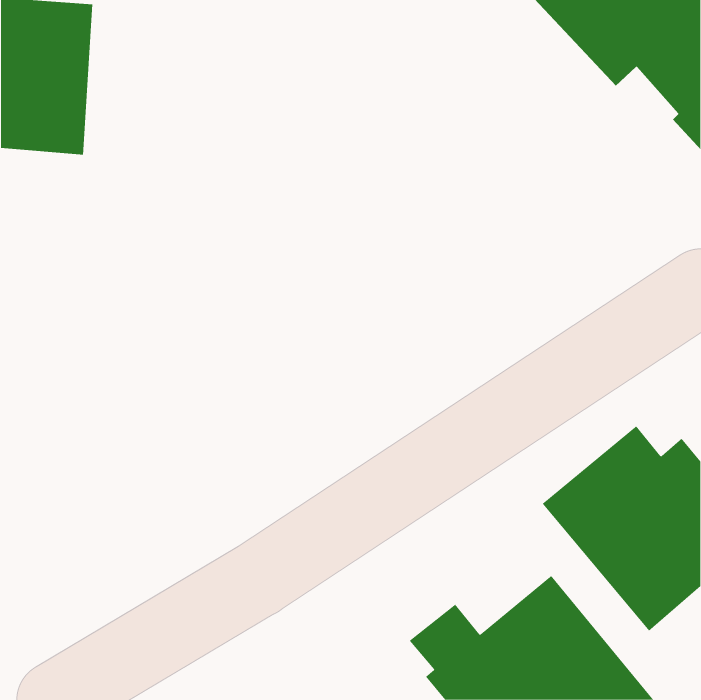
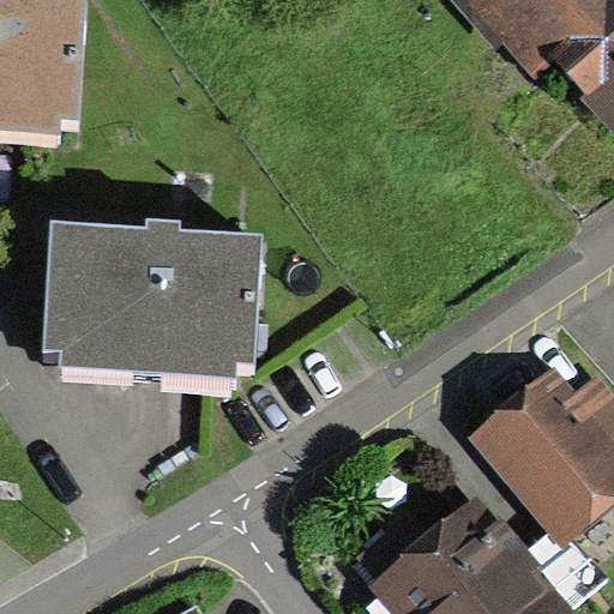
building: none -> [40,231,252,374]

